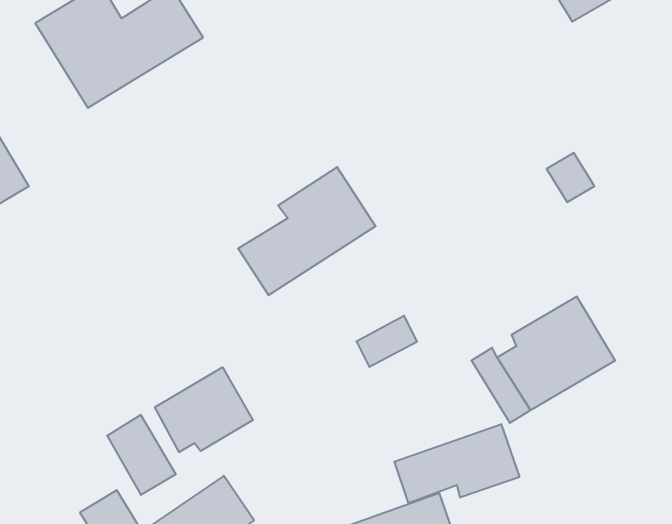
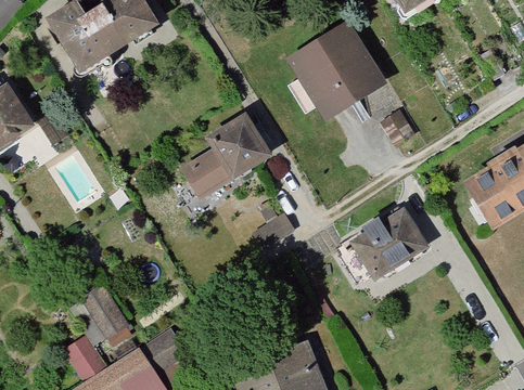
building: none -> [283,22,386,124]
building: [155,367,253,452] -> none
building: [395,424,519,503] -> none

